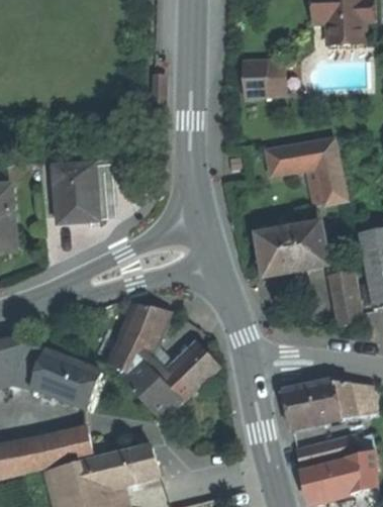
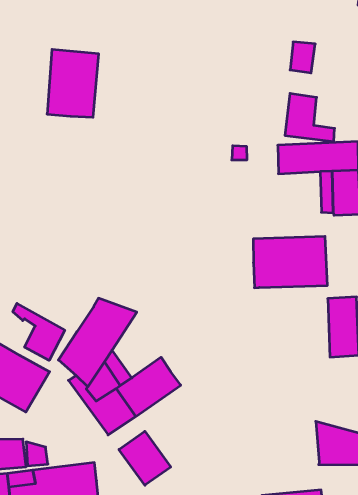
building: [243,60,286,96] -> [285,93,335,141]
building: [53,163,96,220] -> [47,49,99,117]
building: none -> [13,303,65,360]
building: [282,380,341,425] -> none
building: none -> [119,431,171,485]

